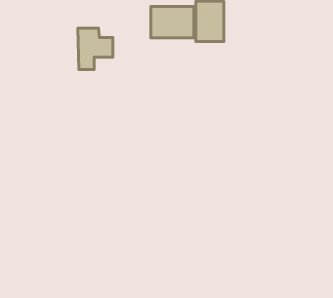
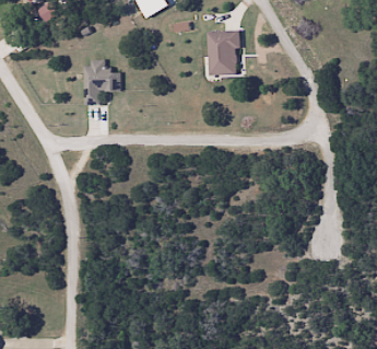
building: [151,7,194,38] -> none

